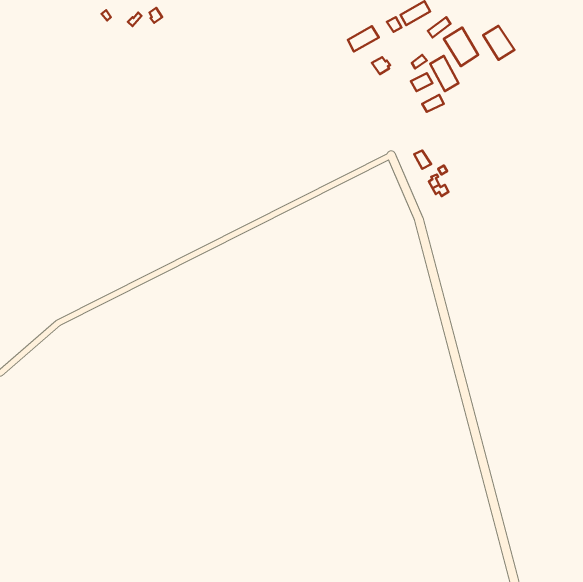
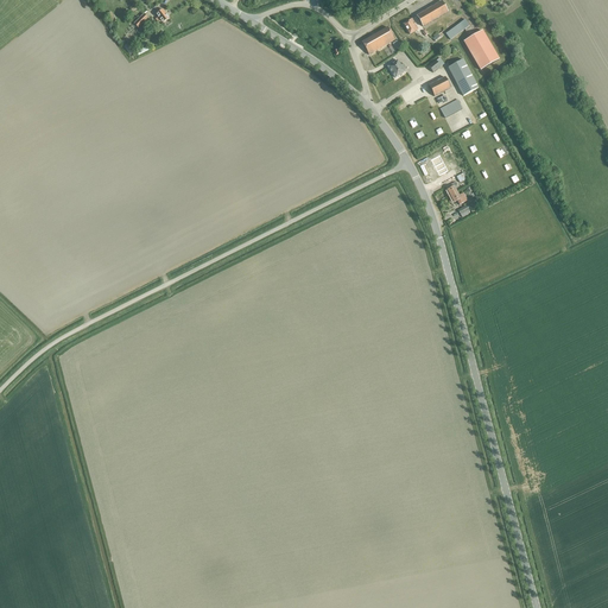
building: [483,26,514,60] -> none

